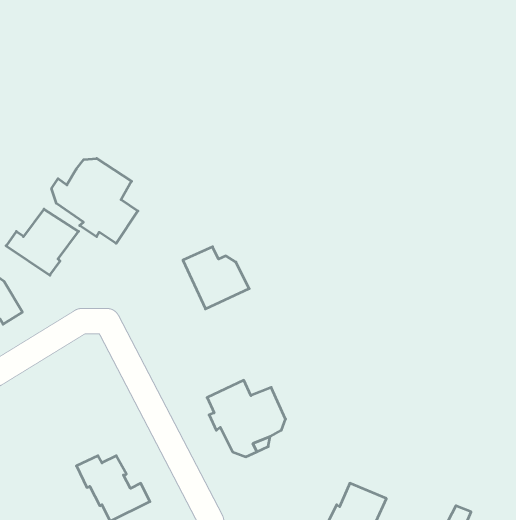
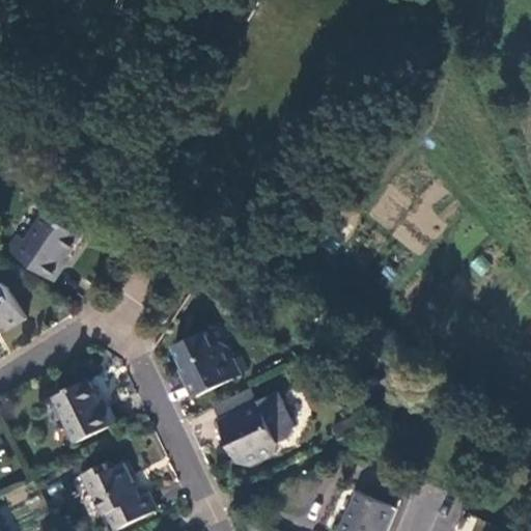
building: [52,158,138,243] -> none
building: [183,247,249,309] -> [171,334,239,397]
building: none -> [50,380,113,443]

